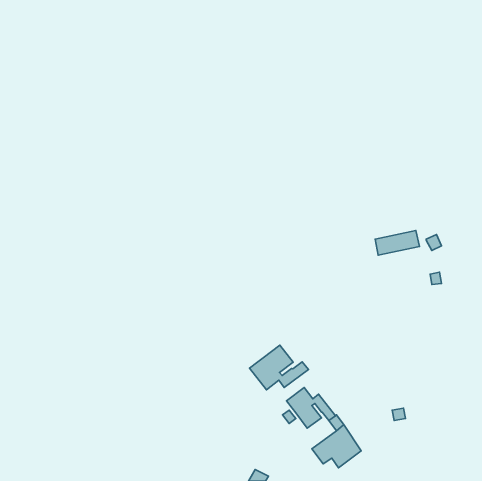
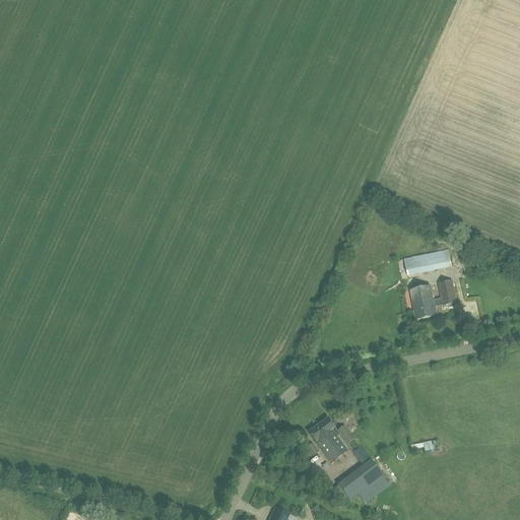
building: none -> [409,279,456,318]
building: [250,345,308,390] -> none

